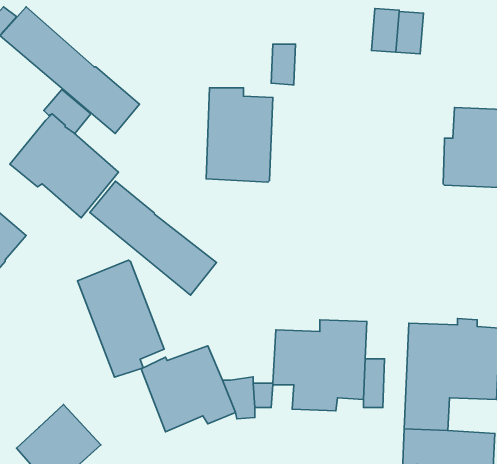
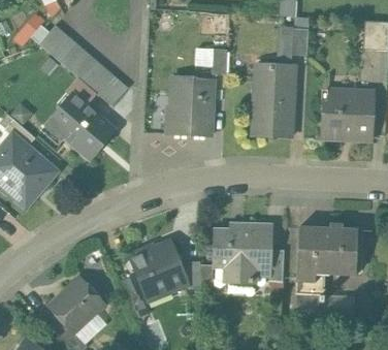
building: none -> [252,63,293,136]
building: [90,181,216,295] -> none
building: [78,260,164,377] -> none

